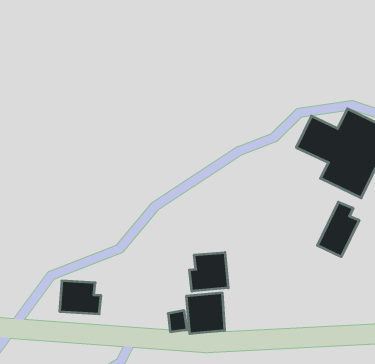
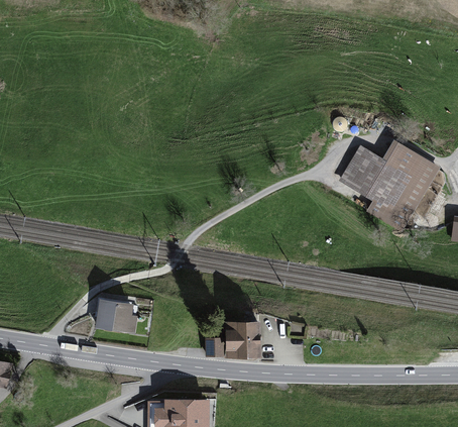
building: [317,202,359,257] -> none
building: [189,252,228,291] -> none

